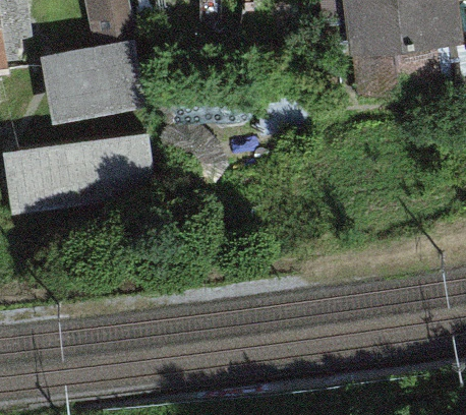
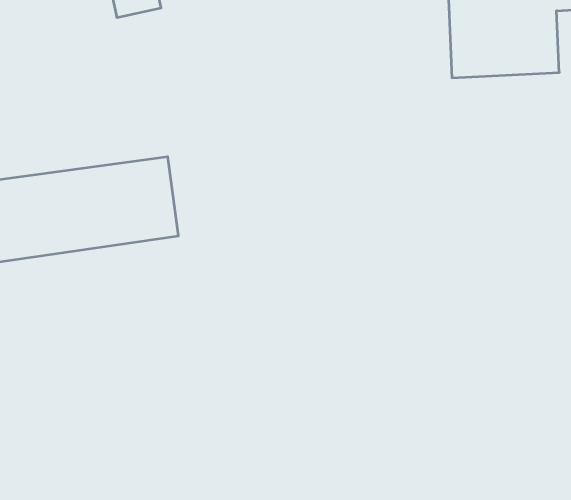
building: [45,42,149,126] -> none

